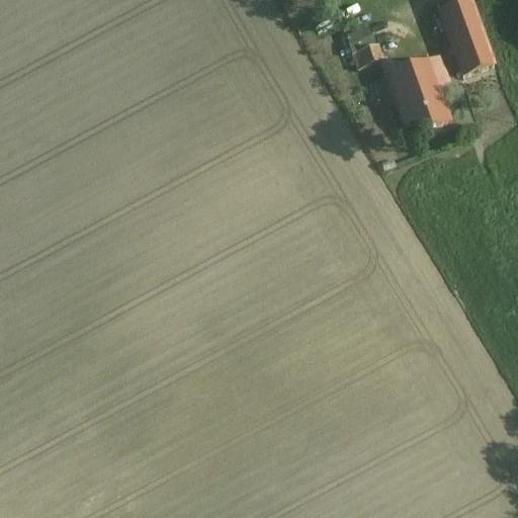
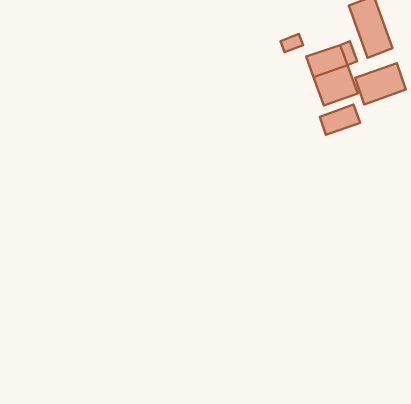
building: none -> [355,63,406,104]
building: none -> [320,105,360,135]

